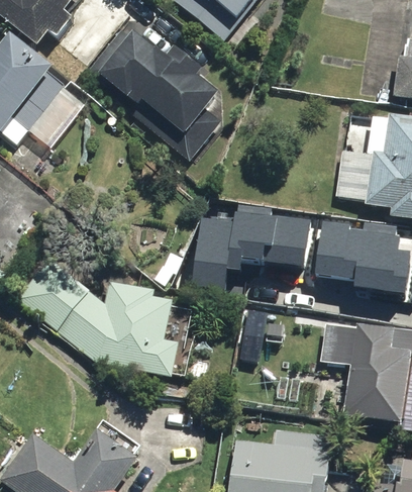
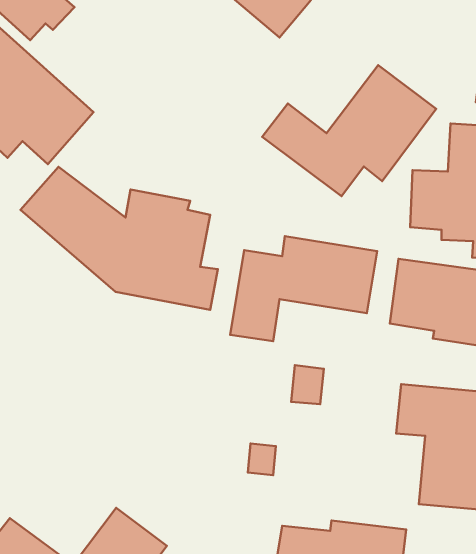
building: [95,30,219,161] -> none
building: none -> [262,65,436,196]
building: [18,261,176,375] -> [20,167,218,310]

